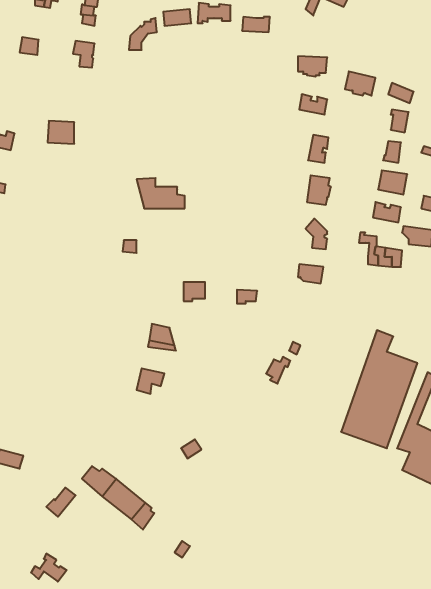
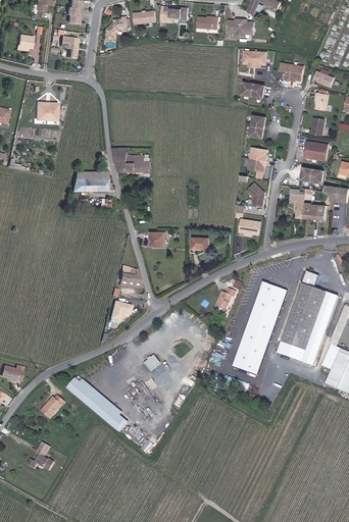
building: none -> [227,19,254,37]
building: none -> [74,170,118,190]
building: none -> [233,281,285,373]

